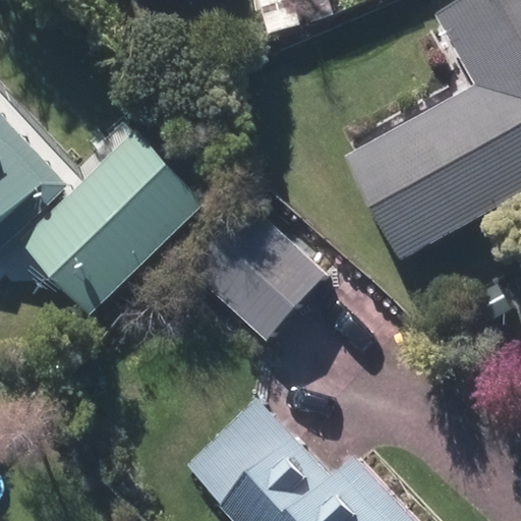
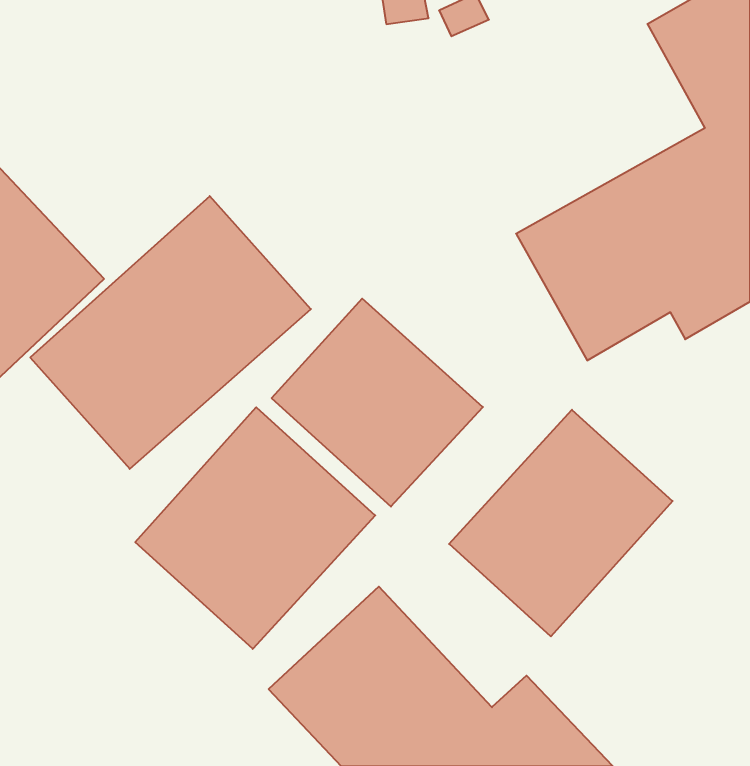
building: none -> [135,407,375,649]
building: none -> [449,410,673,636]

